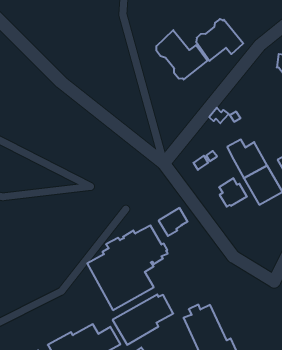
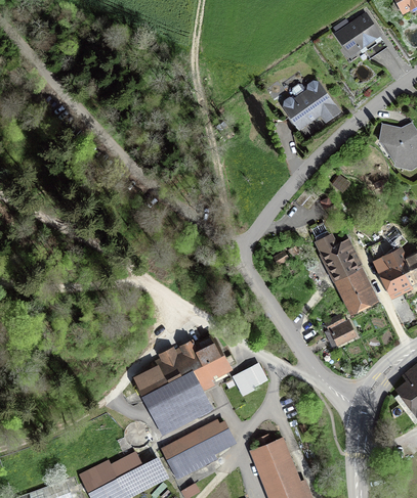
building: [156,30,208,80] -> none
building: [219,178,247,207] -> [324,312,358,347]
building: [159,208,188,236] -> [233,362,268,396]

